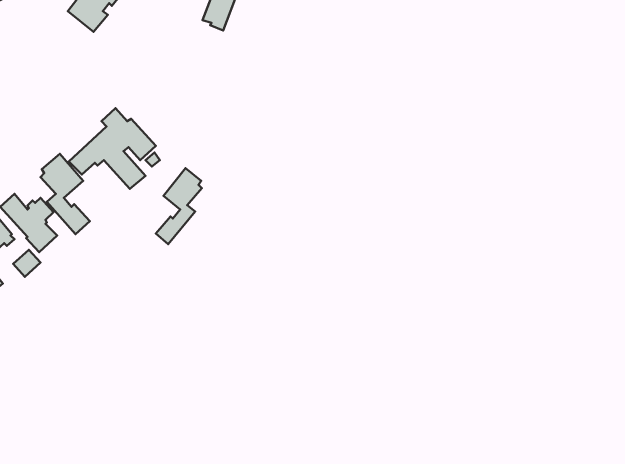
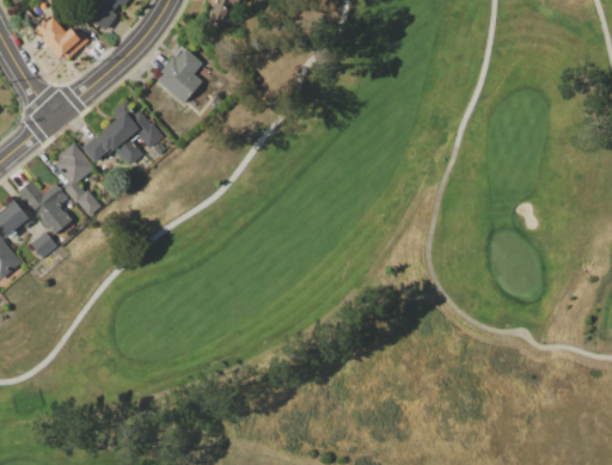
building: none -> [32,16,80,59]
building: none -> [157,48,202,103]
building: [156,168,202,244] -> none

